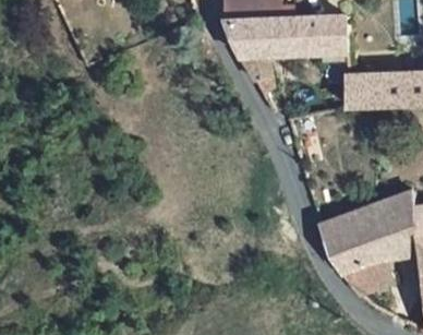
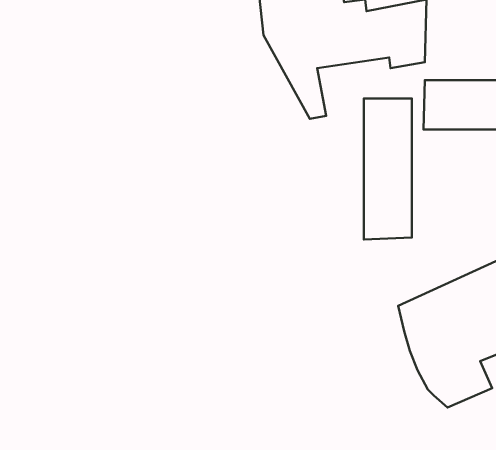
building: none -> [364,98,412,239]

